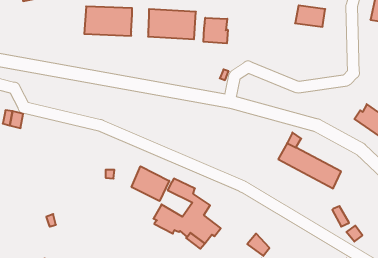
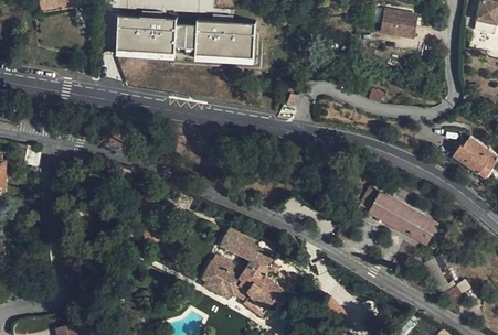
building: none -> [176,24,198,46]
building: [203,18,228,43] -> none
building: [132,166,169,201] -> none

